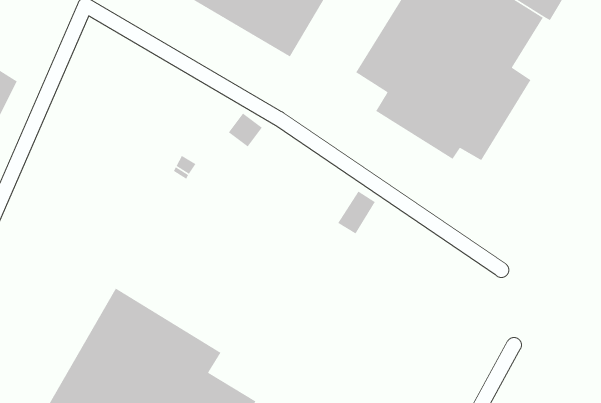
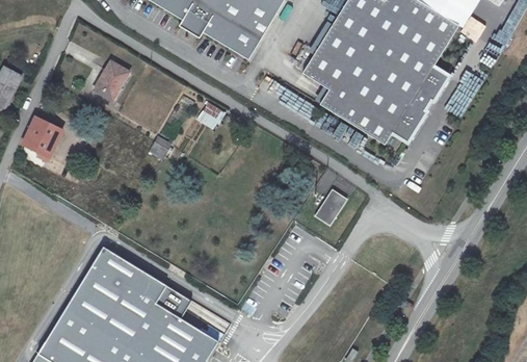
building: none -> [93,62,127,101]
building: none -> [21,118,60,161]
building: [337,191,376,234] -> [313,189,345,226]

